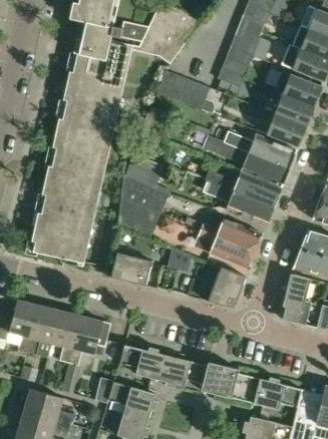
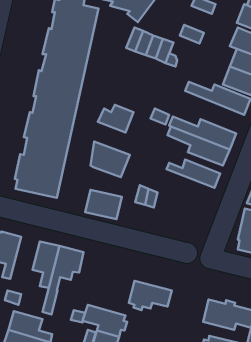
building: [222,46,253,76] -> none
building: [203,135,289,186] -> none
building: [120,176,169,213] -> none
building: [195,230,256,269] -> none
building: [208,268,245,309] -> none
building: [26,306,59,355] -> none
building: [119,345,166,380] -> none
building: [202,362,249,401] -> none

